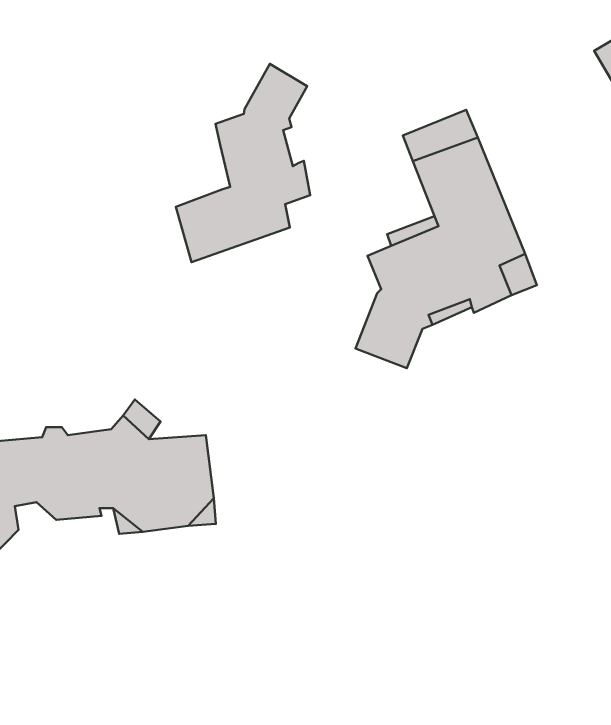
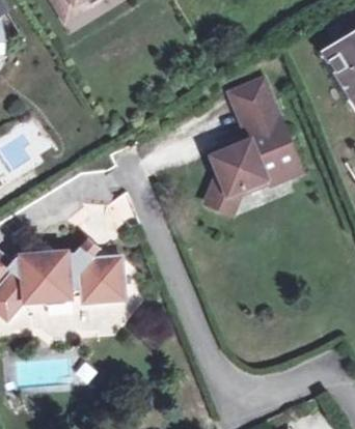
building: [176,64,310,262] -> none

